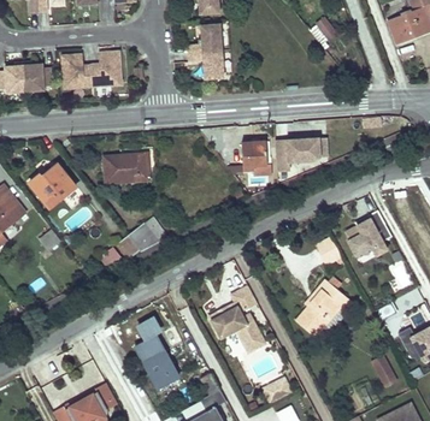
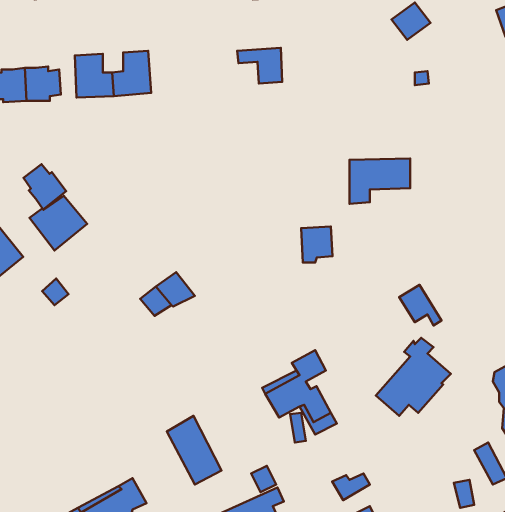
building: [189,24,223,53] -> none
building: none -> [24,164,66,209]
building: [241,142,265,170] -> [301,226,332,262]
building: [104,154,146,182] -> none
building: [342,215,387,263] -> none

